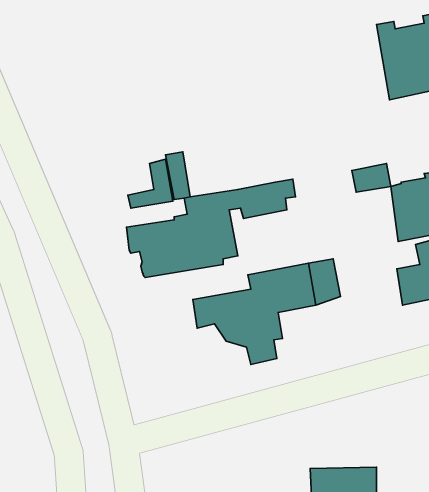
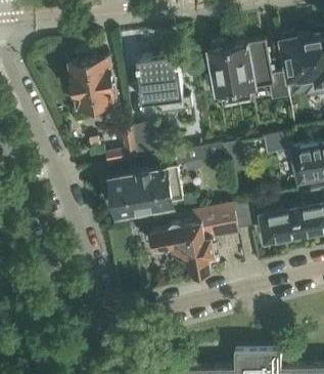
building: none -> [206,42,287,107]
building: none -> [135,55,190,115]
building: none -> [68,58,115,111]
building: none -> [259,209,298,241]

